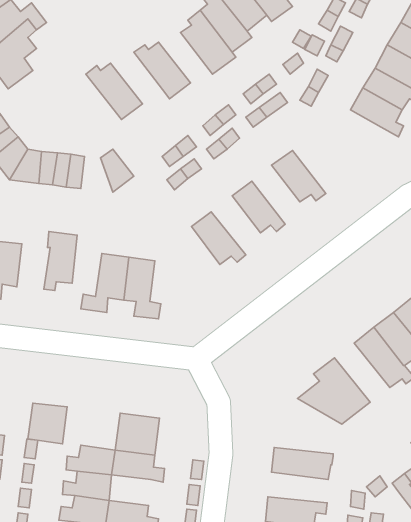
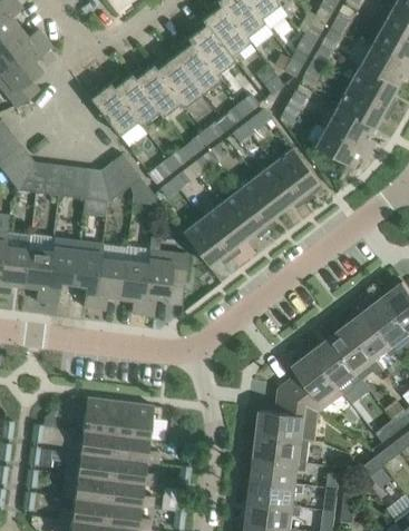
building: none -> [153,56,202,106]
building: none -> [109,73,159,125]
building: none -> [315,126,370,167]
building: none -> [274,148,318,201]
building: none -> [111,154,156,205]
building: none -> [82,168,111,200]
building: none -> [237,176,281,229]
building: none -> [201,204,245,257]
building: none -> [145,236,187,302]
building: none -> [75,239,104,295]
building: none -> [25,247,59,304]
building: none -> [312,337,368,393]
building: none -> [257,387,319,440]
building: [28,403,67,444] -> [82,397,118,434]
building: none -> [252,454,308,481]
building: none -> [108,456,156,485]

